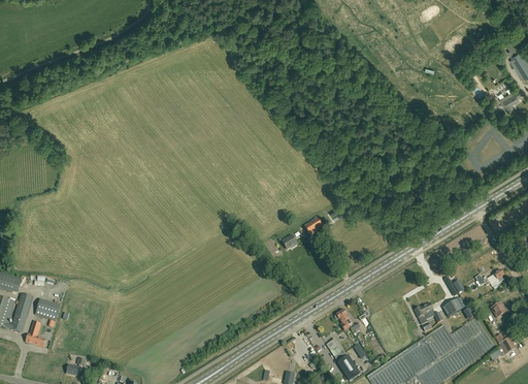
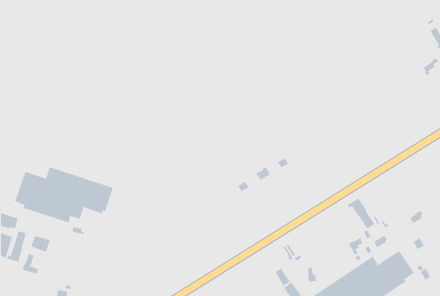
building: none -> [14,166,114,224]
building: none -> [346,198,375,229]

